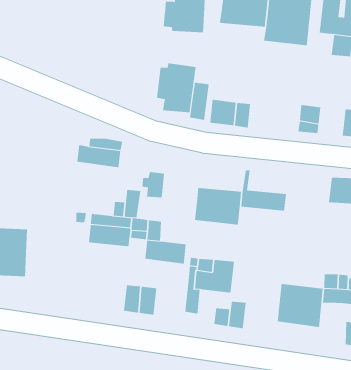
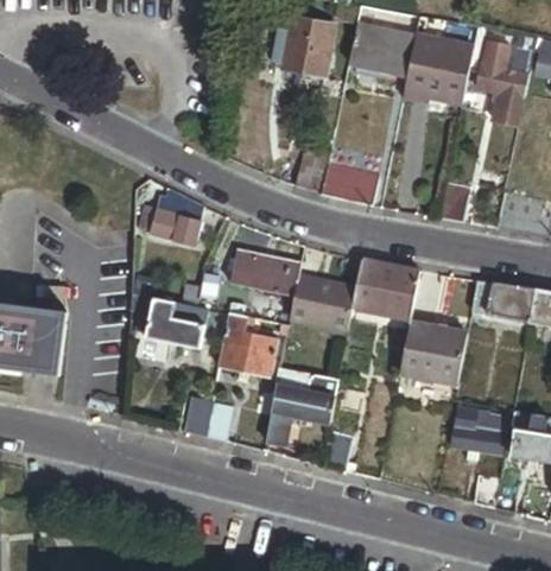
building: [157,63,196,113] -> none
building: none -> [251,248,302,296]
building: none -> [365,260,420,296]
building: [277,283,323,327] -> [400,323,466,386]

